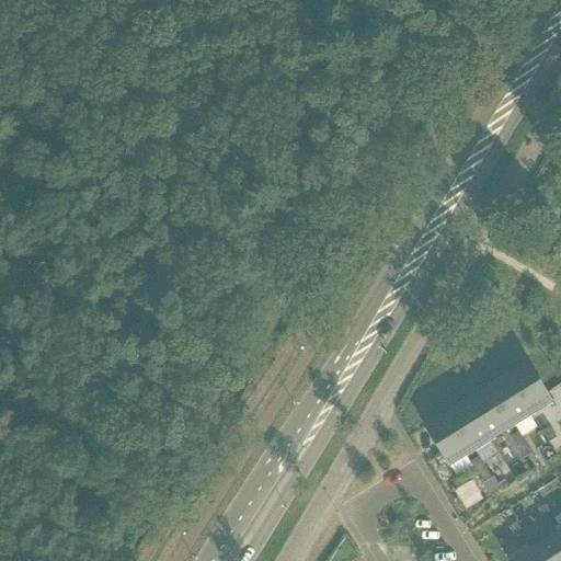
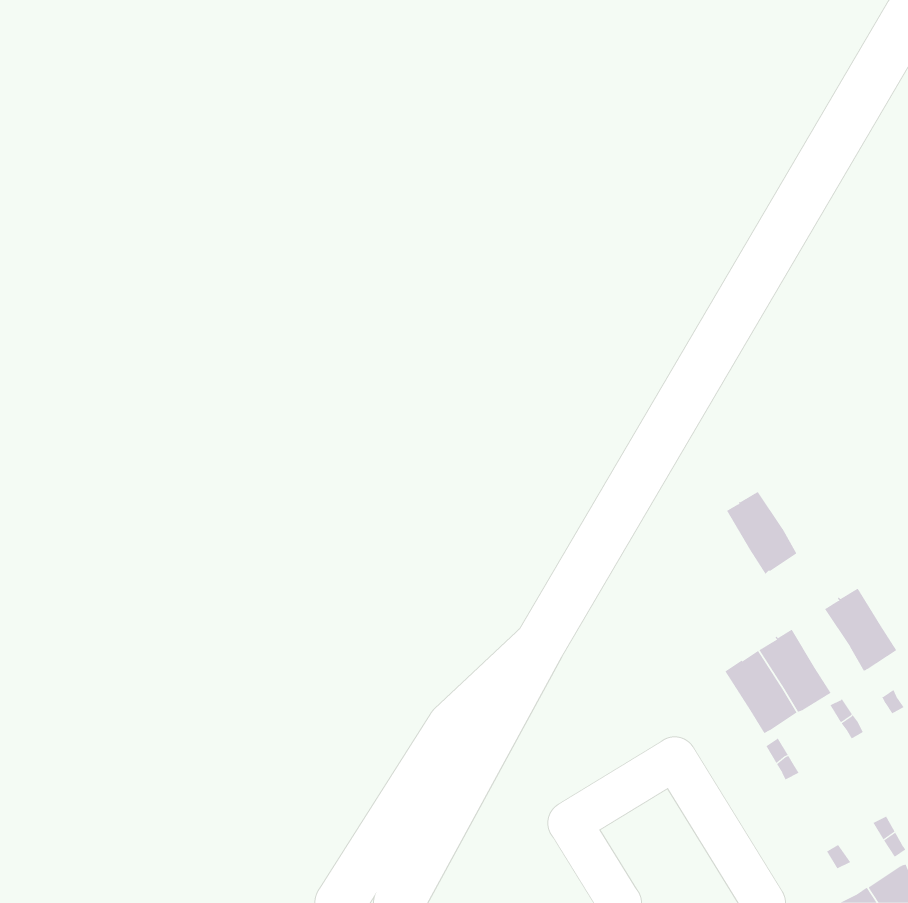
building: [489,375,533,426] -> [726,491,797,575]
building: [427,413,471,463] -> none

